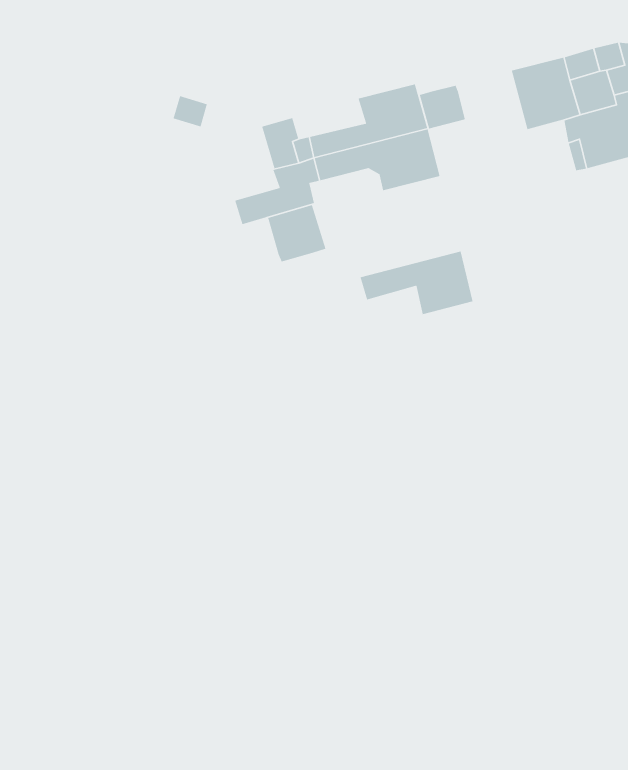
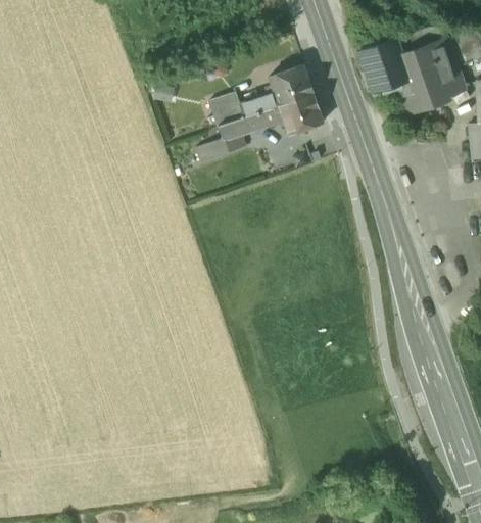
building: [419,85,466,129] -> none
building: [267,204,326,262] -> none
building: [360,250,474,315] -> none

